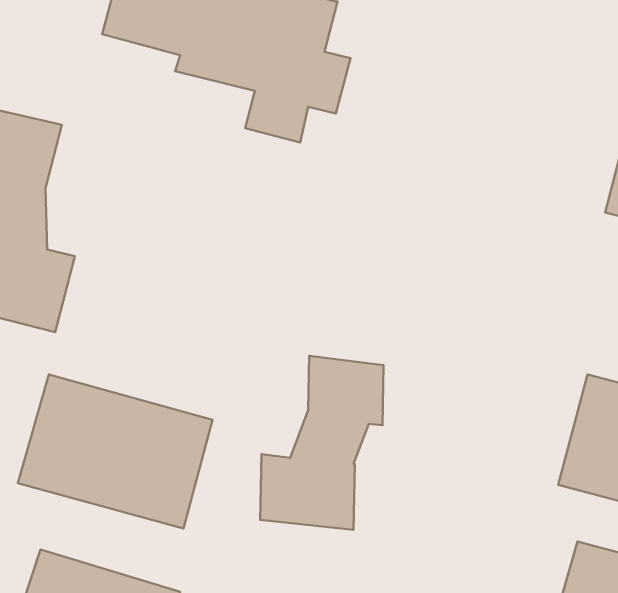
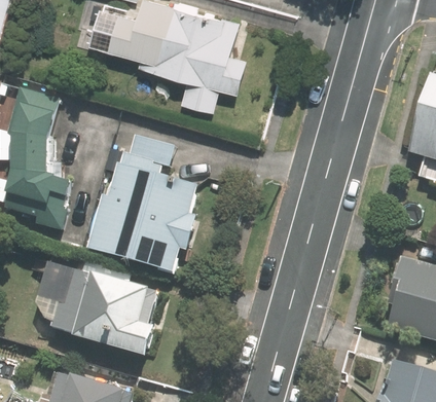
building: none -> [86,136,201,275]
building: [260,356,384,530] -> none

